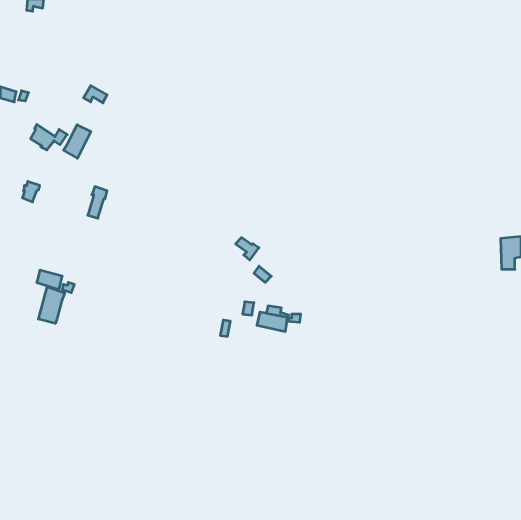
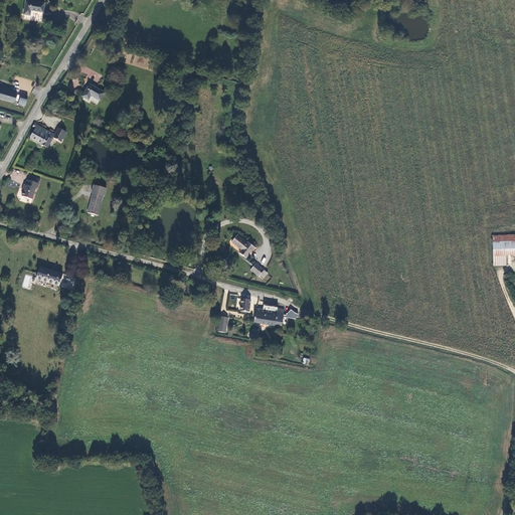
building: [64,125,91,158] -> none
building: [38,287,65,323] -> none

